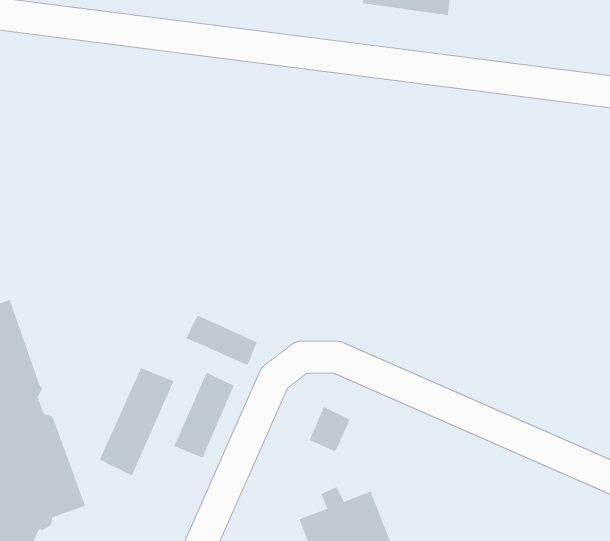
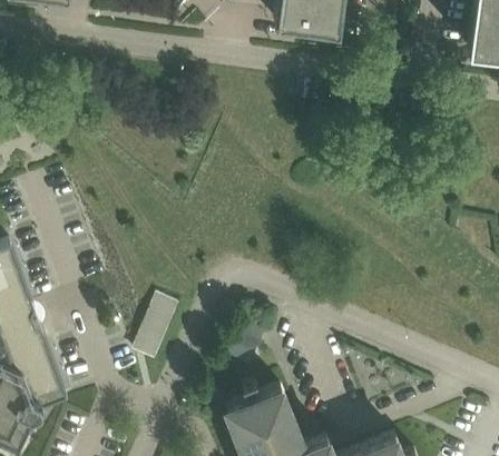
building: [186,315,257,366] -> none
building: [99,367,174,476] -> none

